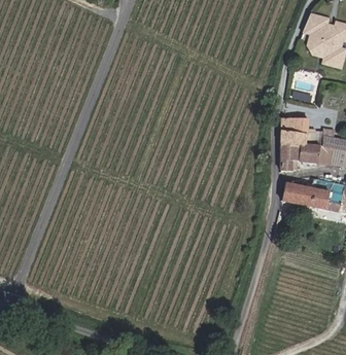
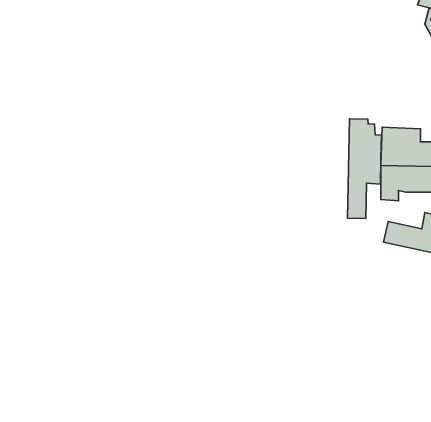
building: none -> [347,119,382,218]

